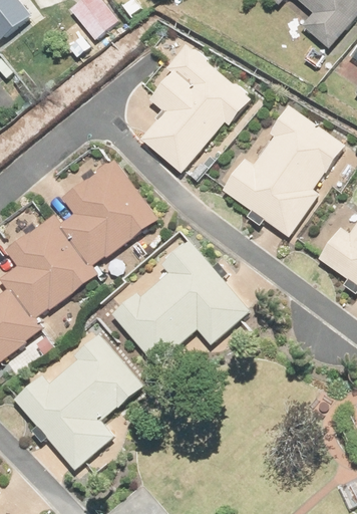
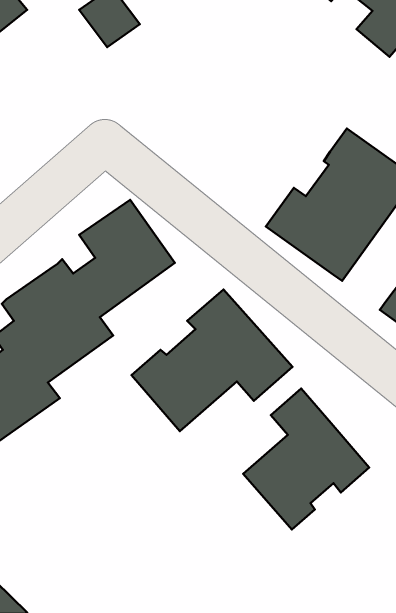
building: [142,45,248,171] -> none
building: none -> [243,389,369,530]
building: [22,335,144,464] -> none

